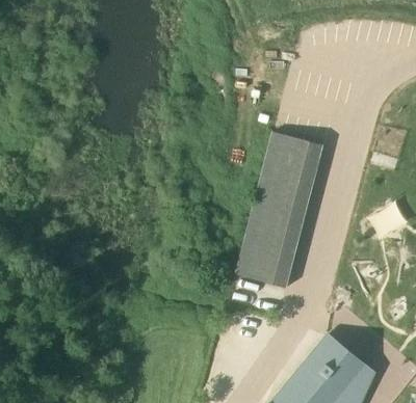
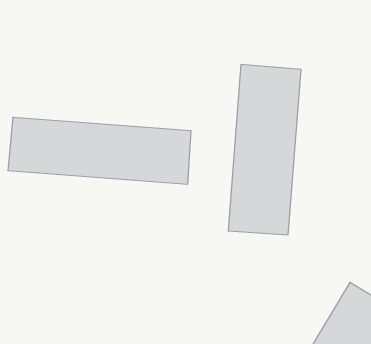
building: none -> [8,117,191,184]

